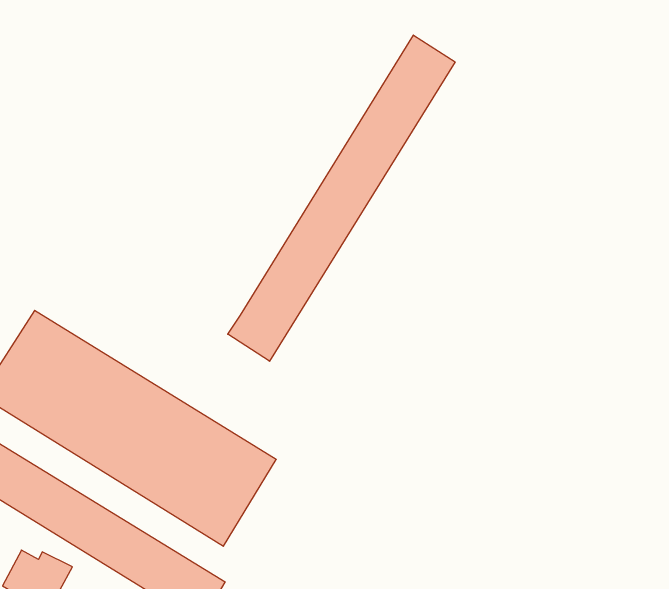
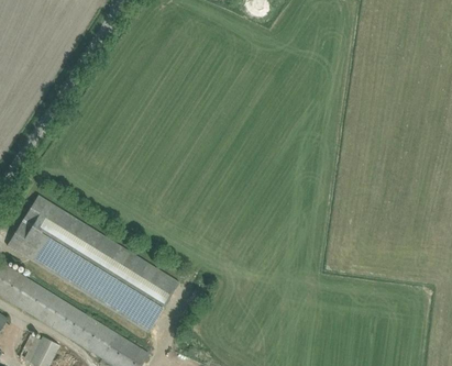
building: [228,35,455,361] -> none

